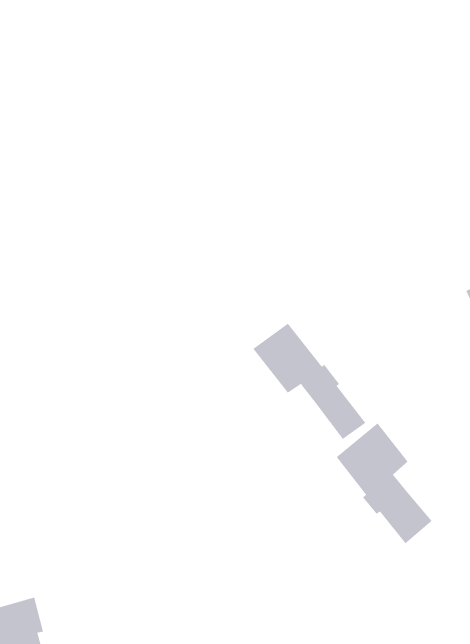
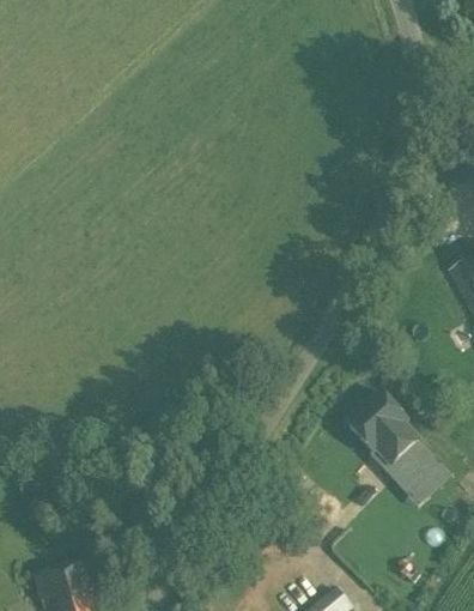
building: [253,323,366,440] -> none

